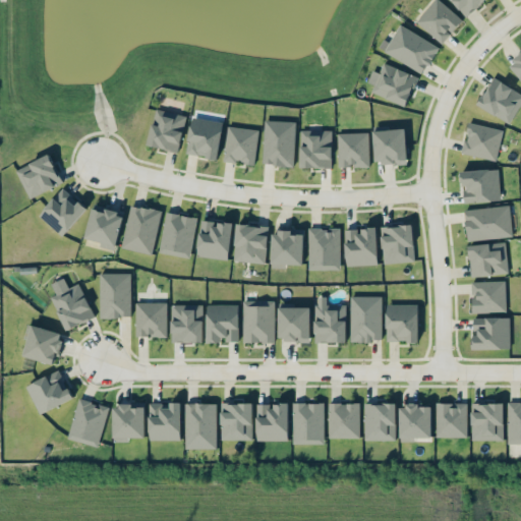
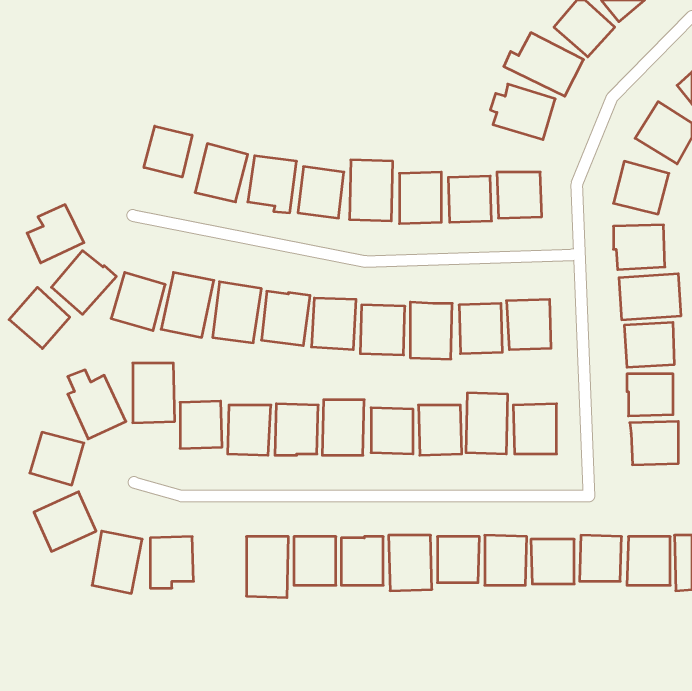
building: none -> [144,126,192,177]
building: none -> [9,287,70,349]
building: [149,403,181,441] -> none

